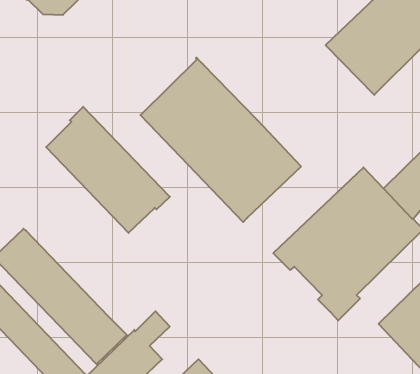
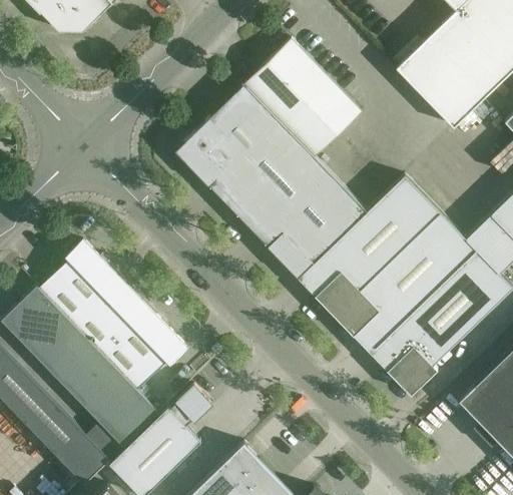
building: none -> [243,39,361,157]
building: [46,107,170,233] -> [39,240,186,391]
building: none -> [303,175,441,316]

